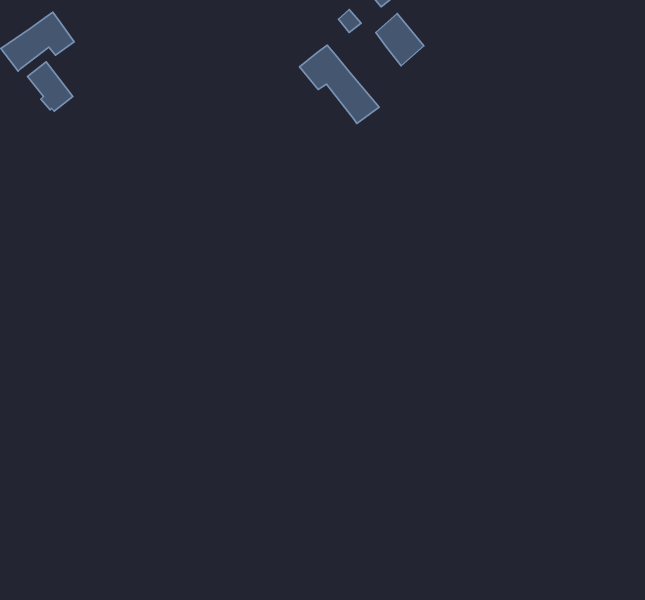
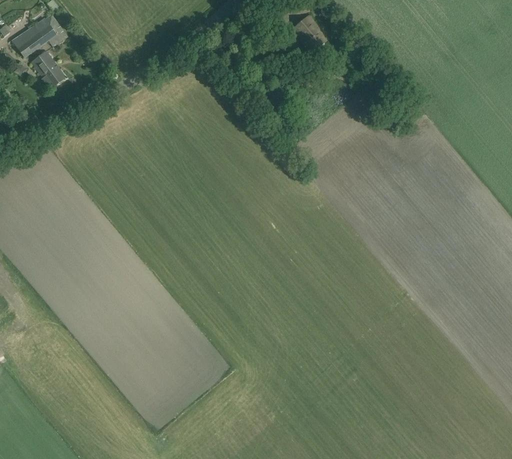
building: [300,45,379,124] -> none

